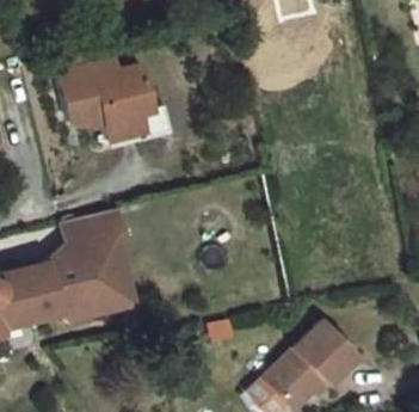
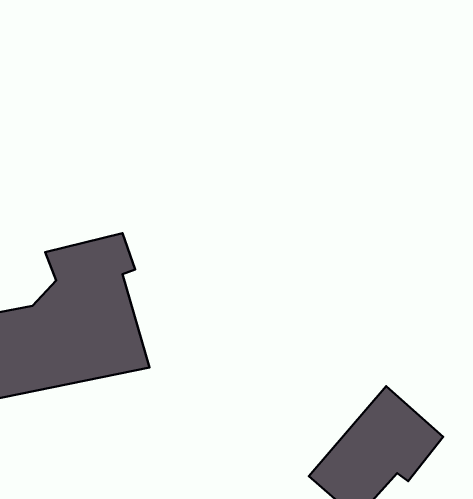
building: [57,53,180,149] -> none

